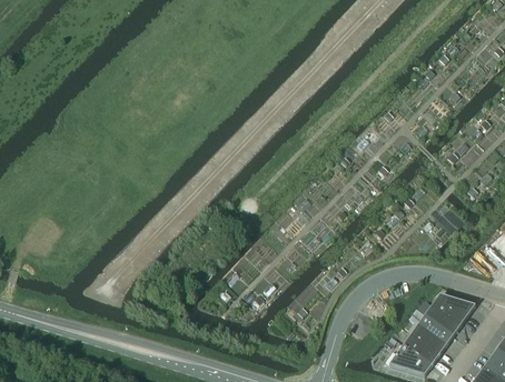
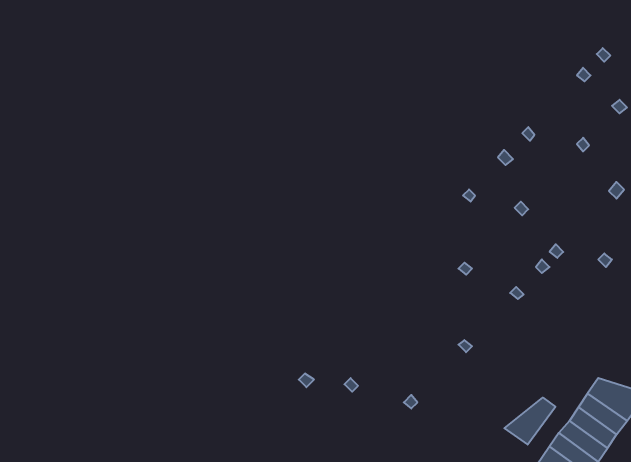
building: none -> [504,398,555,445]

